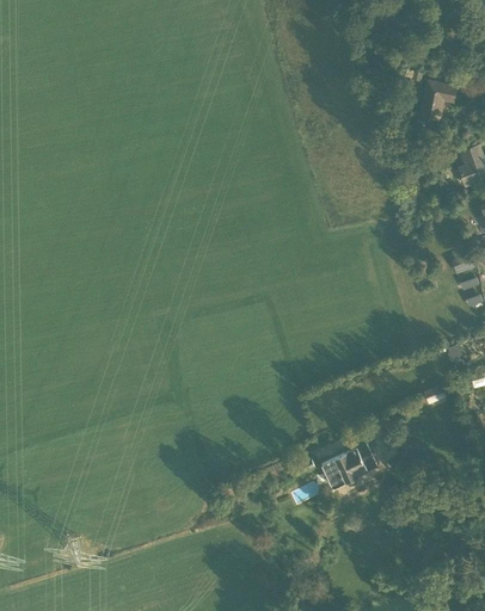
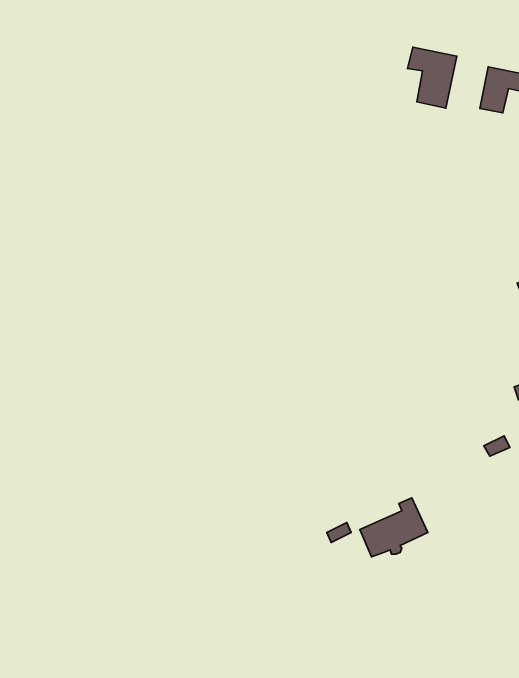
building: none -> [408,47,457,108]

